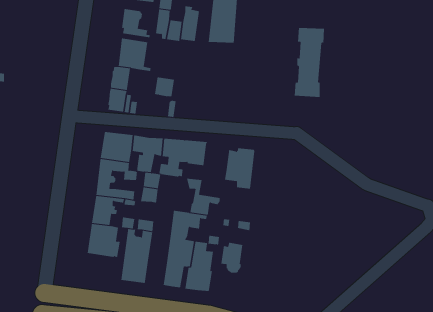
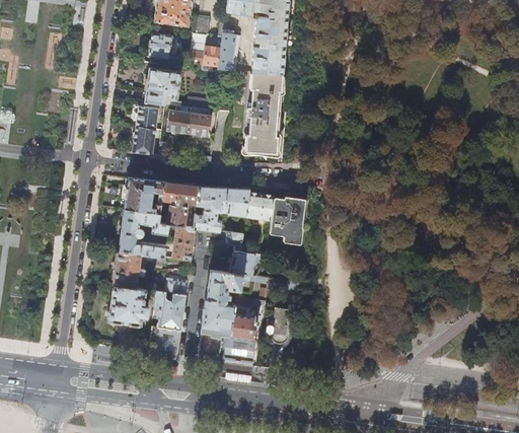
building: [294,28,325,98] -> [245,73,282,155]
building: none -> [166,107,192,134]
building: none -> [246,193,275,222]

